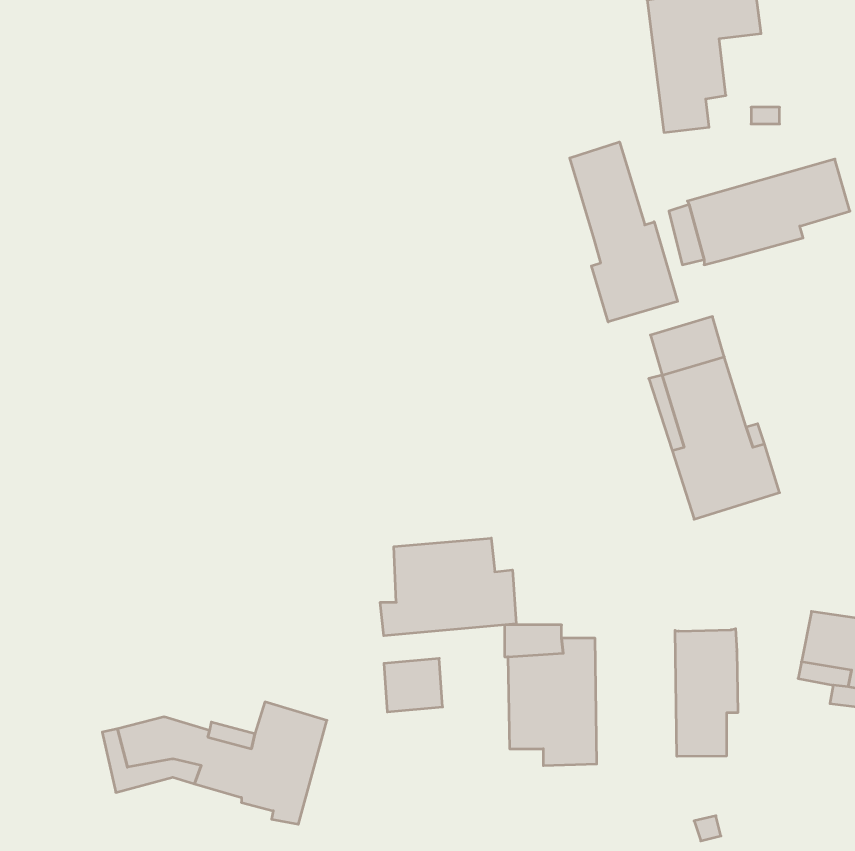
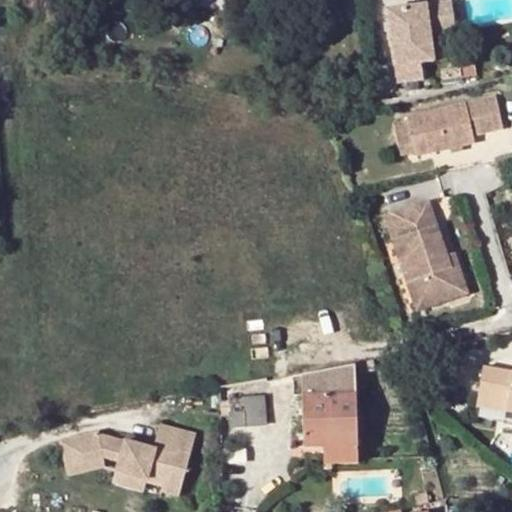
building: [570,142,678,322] -> none
building: [380,538,516,636] -> none
building: [675,629,738,756] -> none

